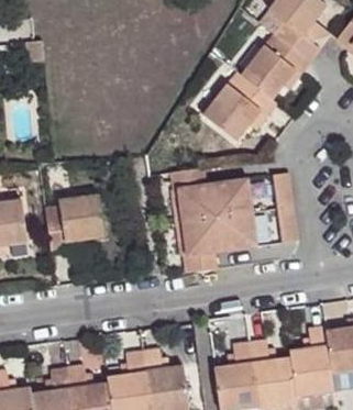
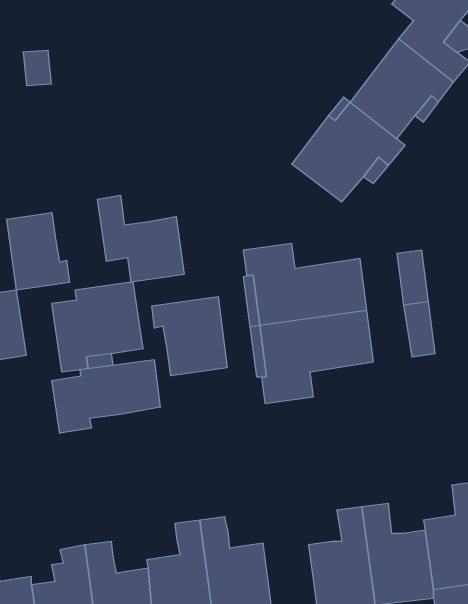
building: none -> [97,195,184,282]
building: none -> [7,212,69,290]
building: none -> [152,297,227,376]
building: none -> [52,360,160,433]

